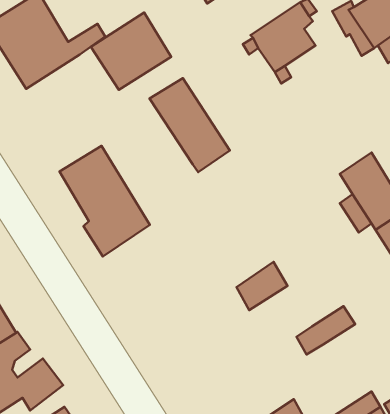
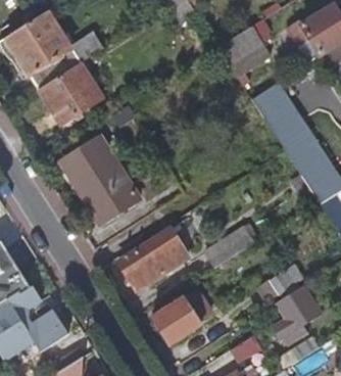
building: [91,12,171,90] -> [38,62,102,125]
building: [150,78,230,172] -> [250,83,314,158]
building: none -> [118,231,185,290]
building: none -> [275,283,325,344]
building: none -> [155,291,211,343]

